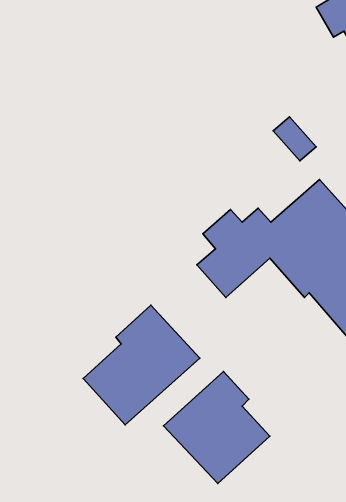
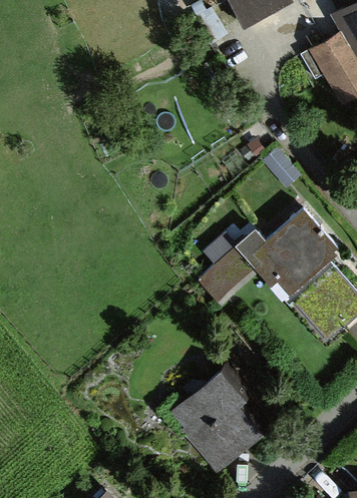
building: [83,305,200,425] -> none

